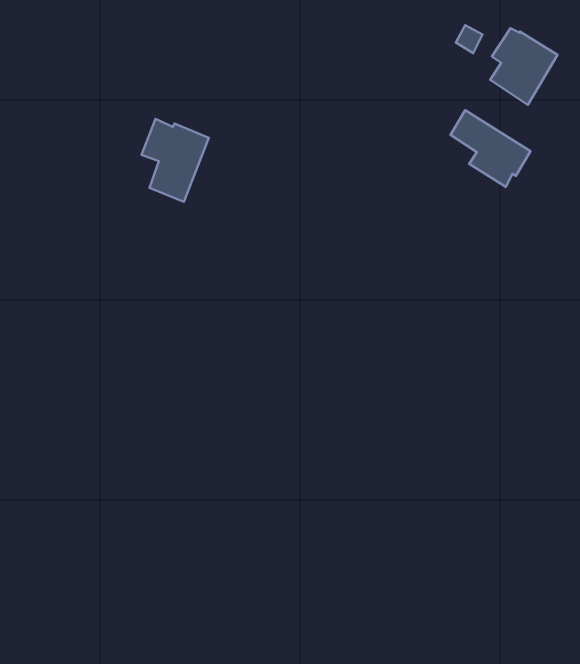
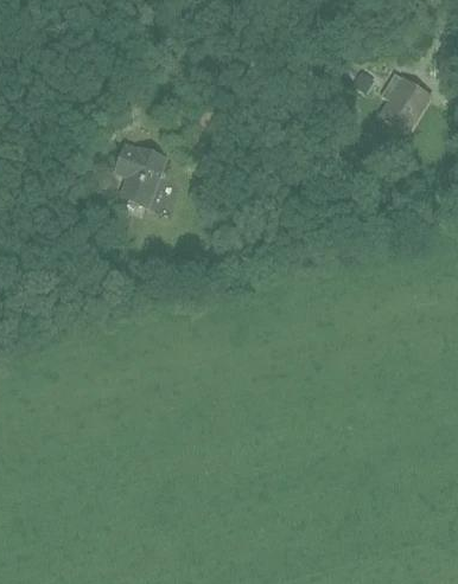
building: [451,110,531,187] -> none

